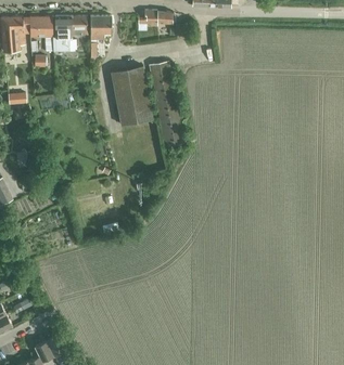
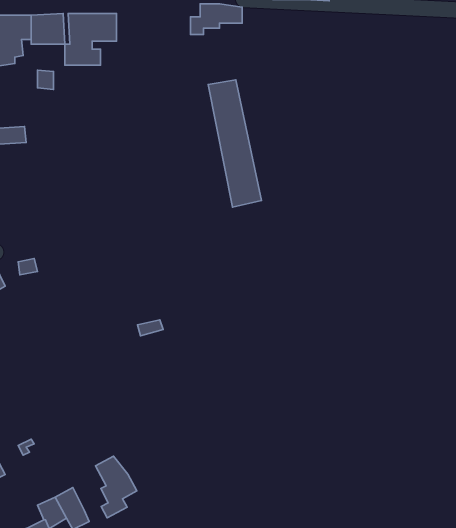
building: [90,16,111,56] -> none
building: [111,66,153,125] -> none
building: none -> [96,456,137,518]

